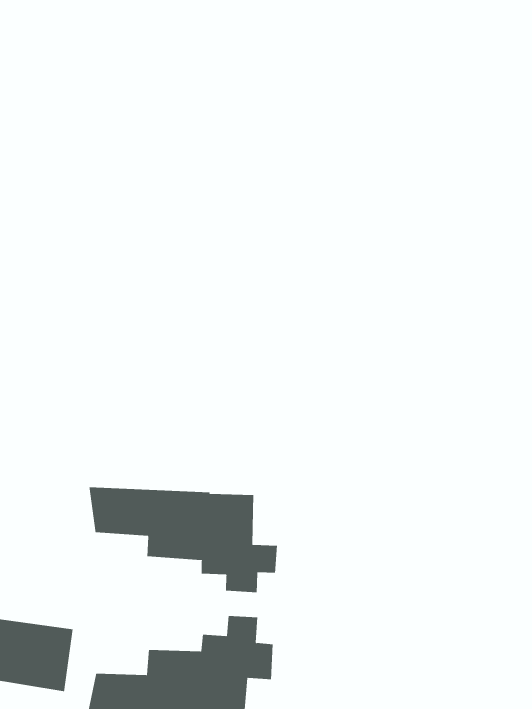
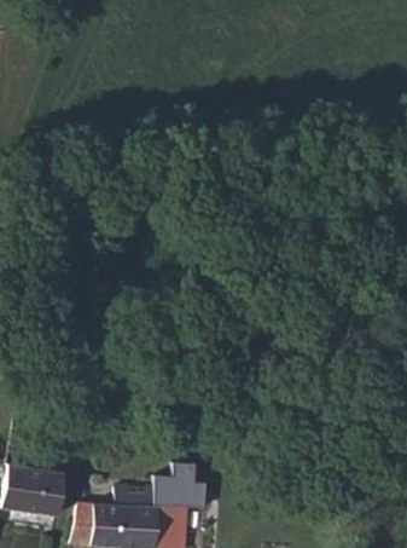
building: [89,486,277,593] -> none

